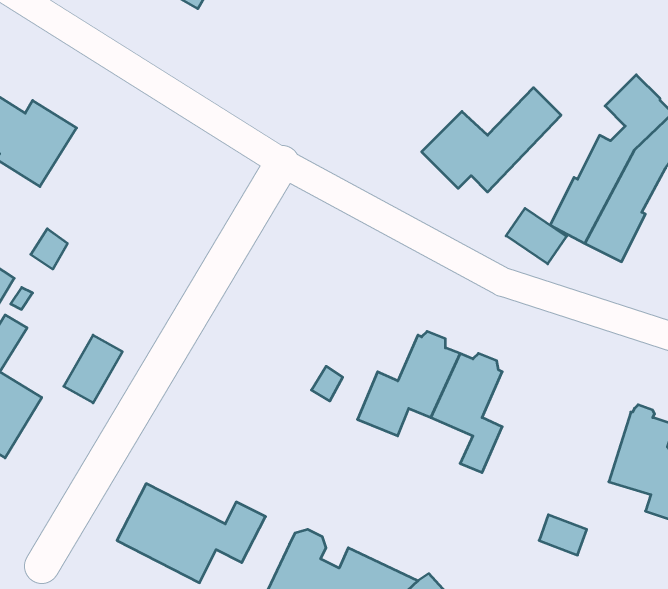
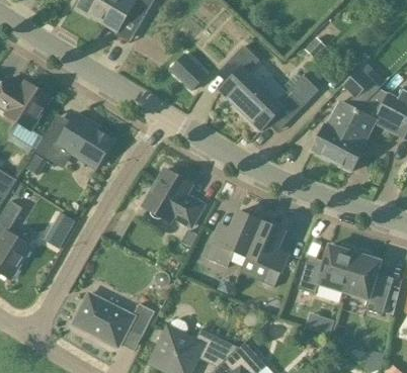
building: none -> [220,45,263,110]
building: none -> [169,54,208,92]
building: none -> [34,113,113,168]
building: [506,208,567,264] -> none
building: none -> [143,169,204,226]
building: none -> [299,245,356,293]

